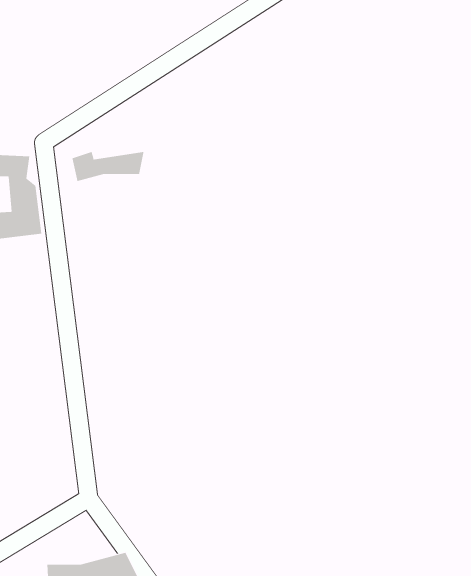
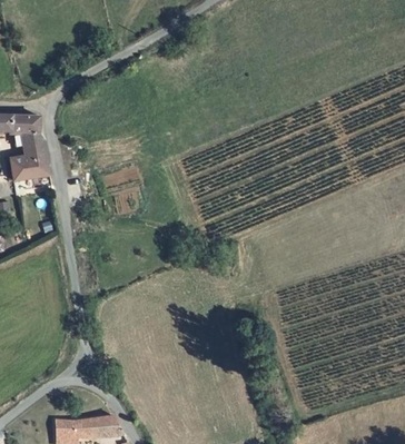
building: [72,151,144,182] -> none

